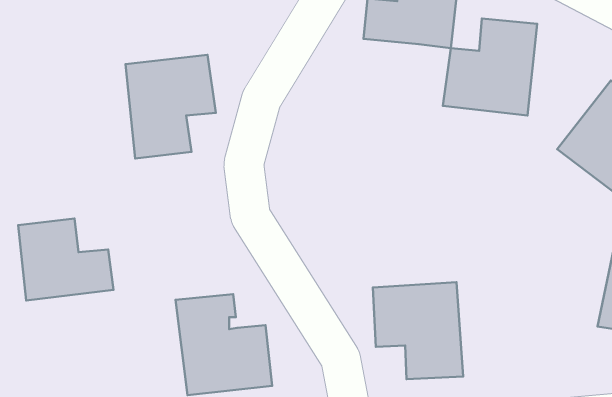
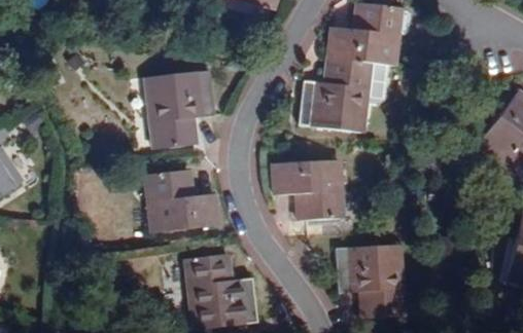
building: [443,19,537,115] -> [299,58,371,132]
building: none -> [273,159,342,221]
building: [18,218,114,301] -> [145,170,218,232]

